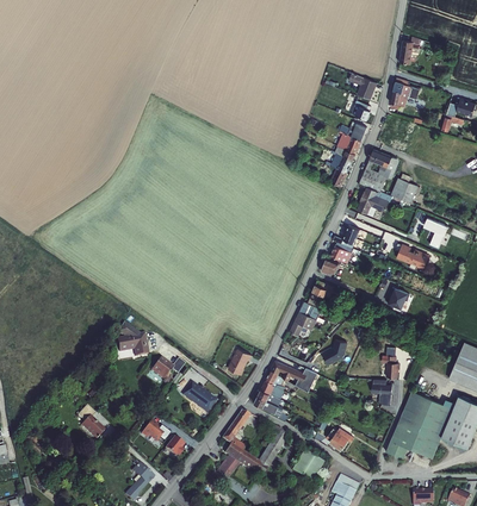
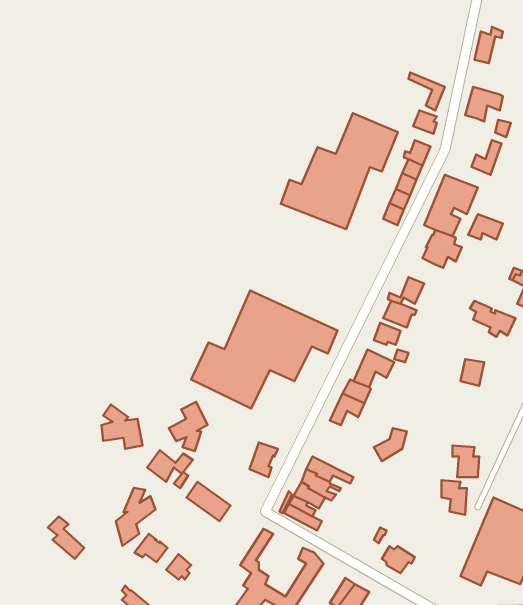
building: none -> [281,113,398,229]
building: none -> [191,291,337,408]
building: none -> [169,402,207,451]
building: none -> [116,488,155,546]

